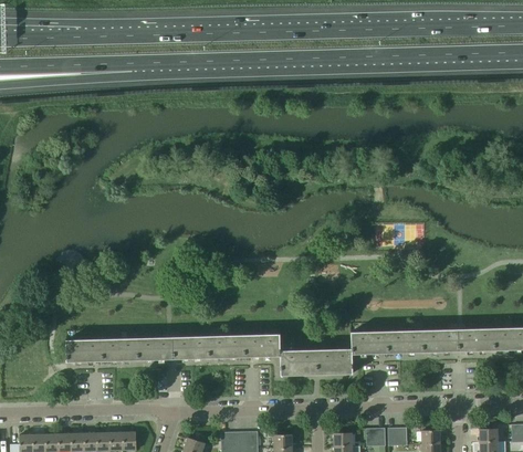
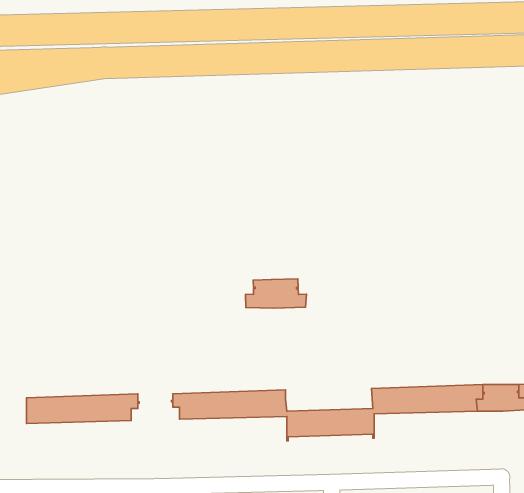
building: none -> [245,279,307,308]
building: [153,337,192,359] -> none

